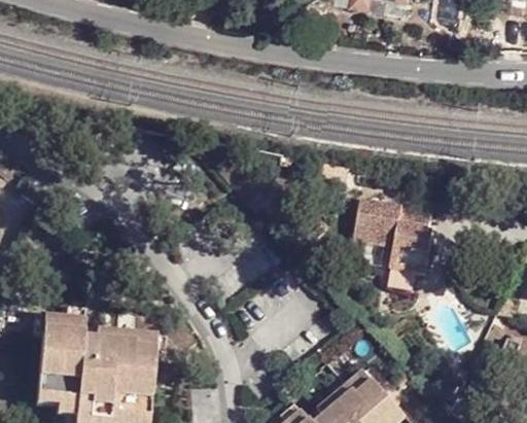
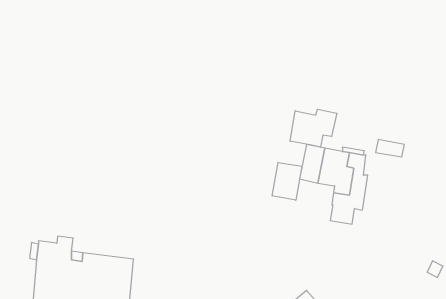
building: none -> [290,109,337,147]
building: none -> [272,162,302,200]

